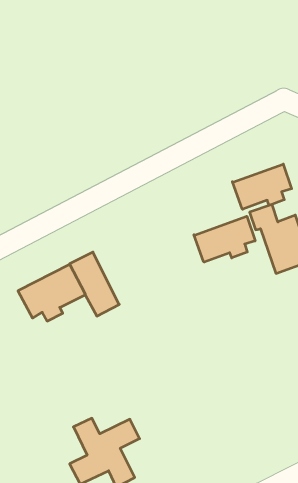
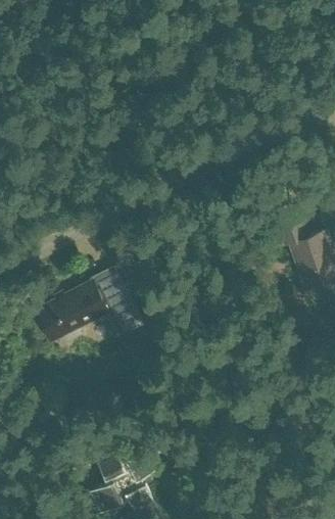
building: [232,164,292,209] -> none
building: [194,216,255,262] -> none

